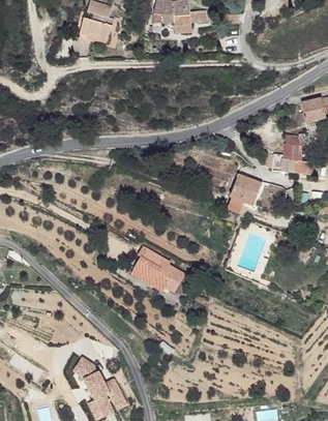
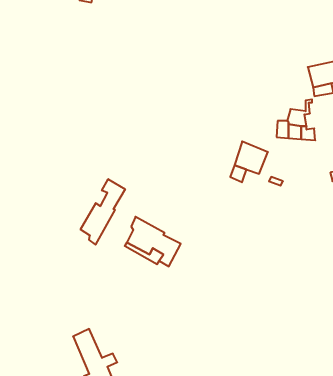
building: none -> [81,179,125,245]

